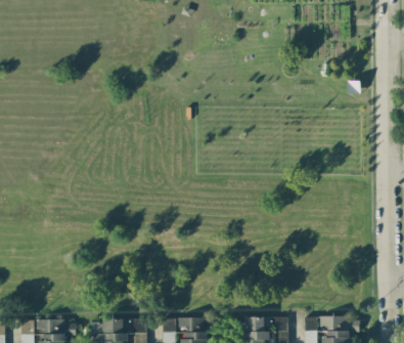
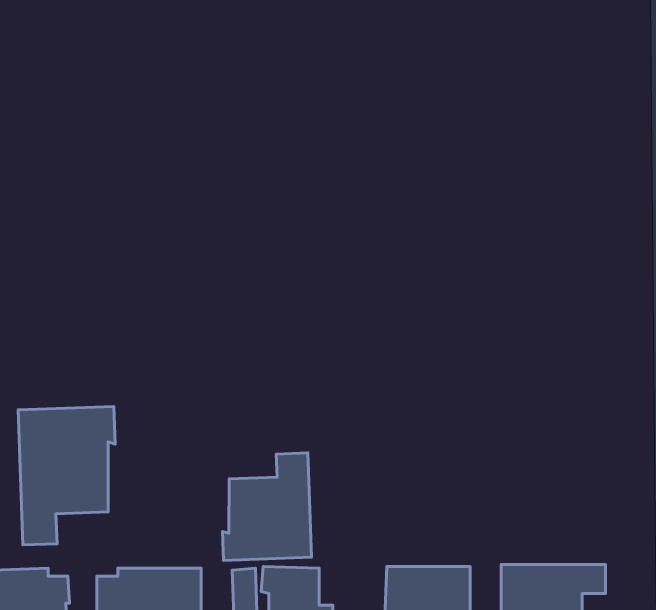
building: none -> [18,407,115,545]
building: none -> [223,453,311,560]

